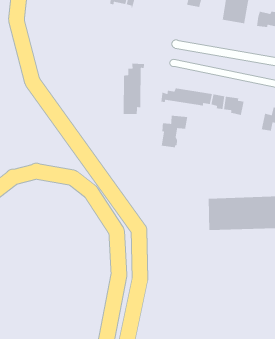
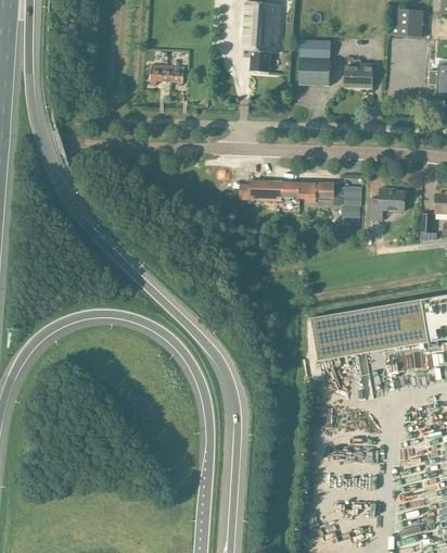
building: [123,63,145,115] -> none
building: none -> [345,186,362,214]
building: [161,115,188,148] -> none

